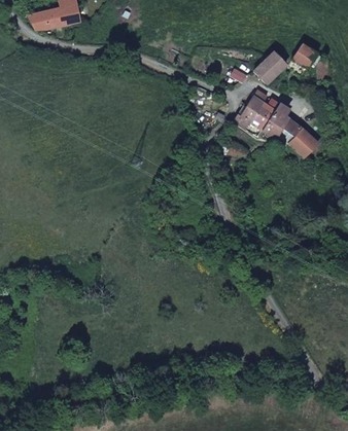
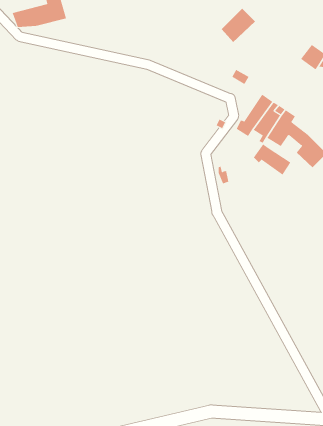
building: [254,51,286,83] -> [221,8,256,43]
building: none -> [253,143,291,175]

